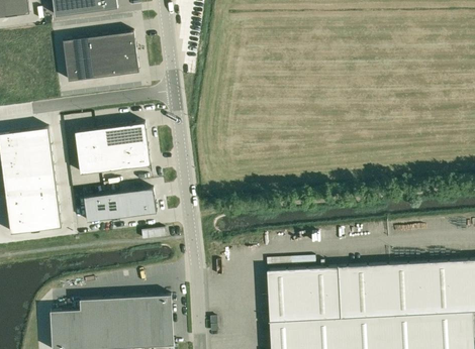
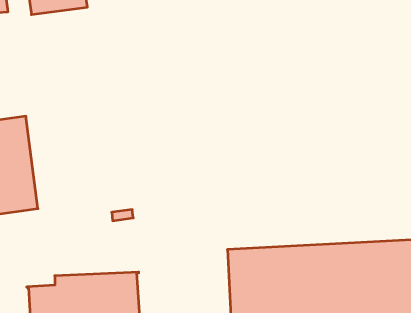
building: [63,32,137,82] -> none
building: [75,123,151,174] -> none
building: [83,189,157,222] -> none

